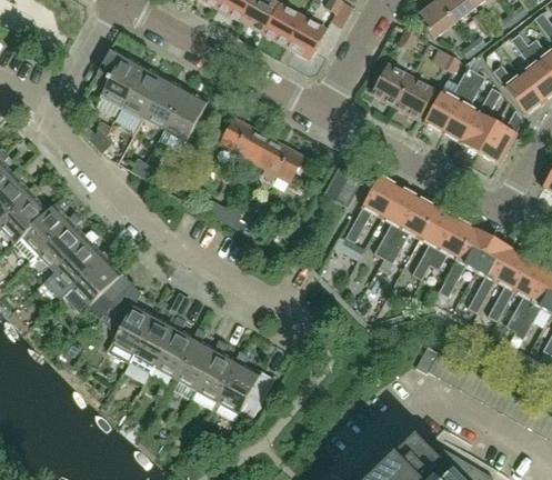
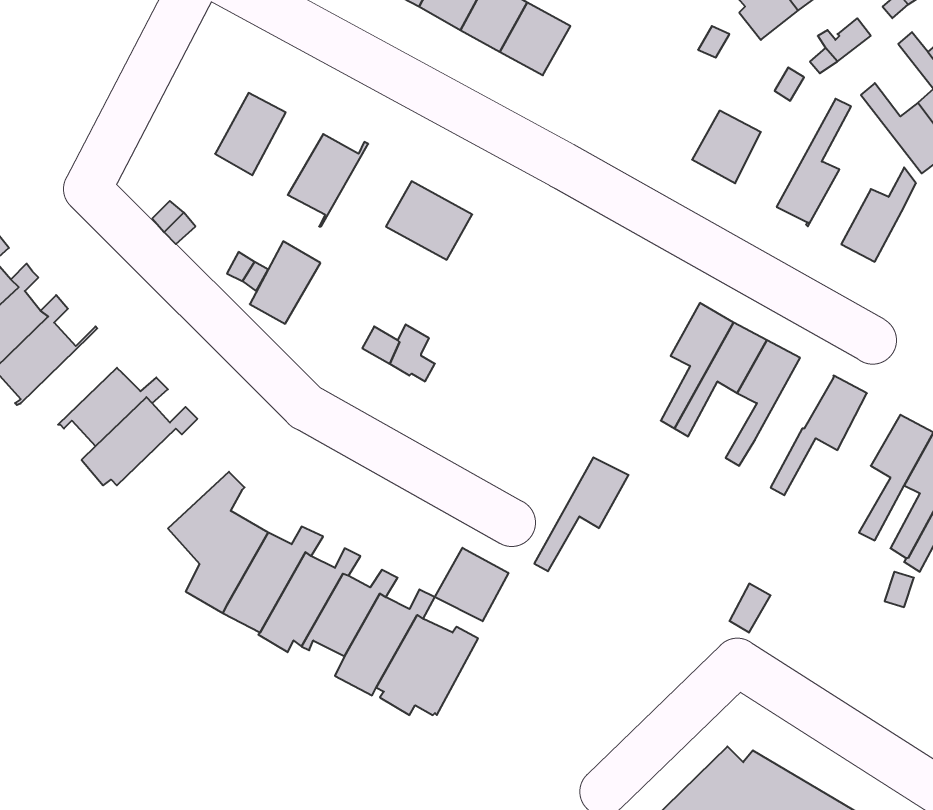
building: [97,47,143,102] -> none
building: [371,64,410,106] -> none
building: [423,67,475,132] -> none
building: [145,79,185,126] -> [250,241,320,324]
building: [460,88,500,153] -> none
building: [255,137,304,182] -> none
building: [325,169,361,206] -> none
building: [345,177,399,241] -> [534,457,629,571]
building: [14,206,81,261] -> none
building: [430,218,474,269] -> none
building: [469,238,513,313] -> none
building: [66,258,132,314] -> none
building: none -> [435,548,508,621]

